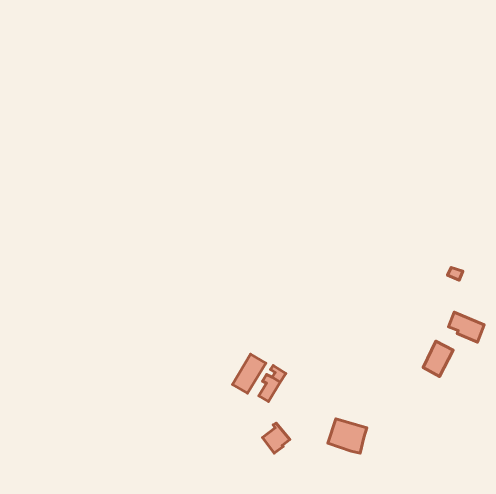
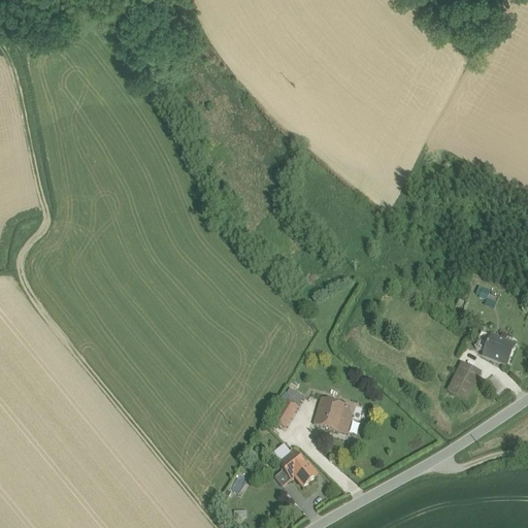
building: [233,354,266,393] -> none
building: [328,419,367,453] -> [315,397,356,433]

